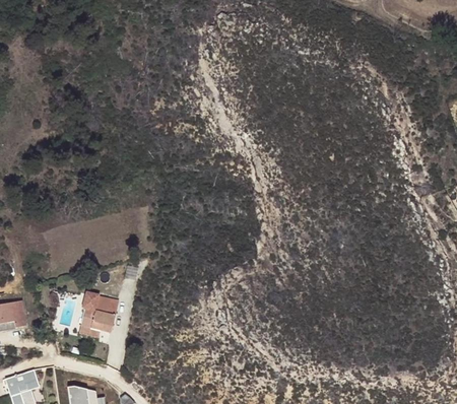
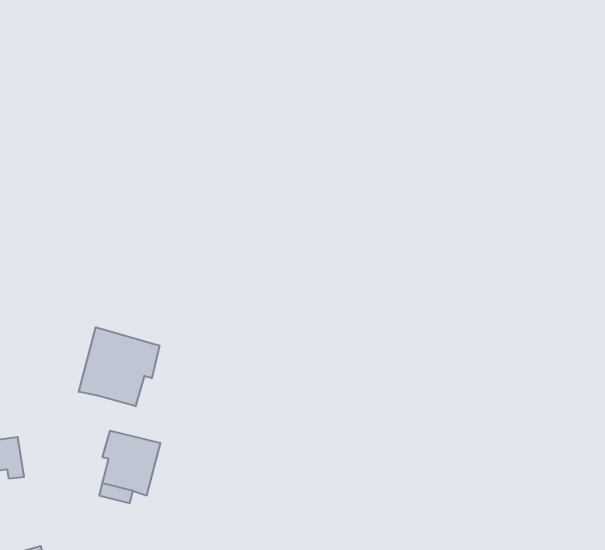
building: none -> [79,327,159,406]

